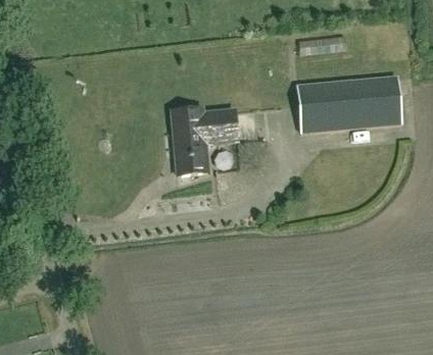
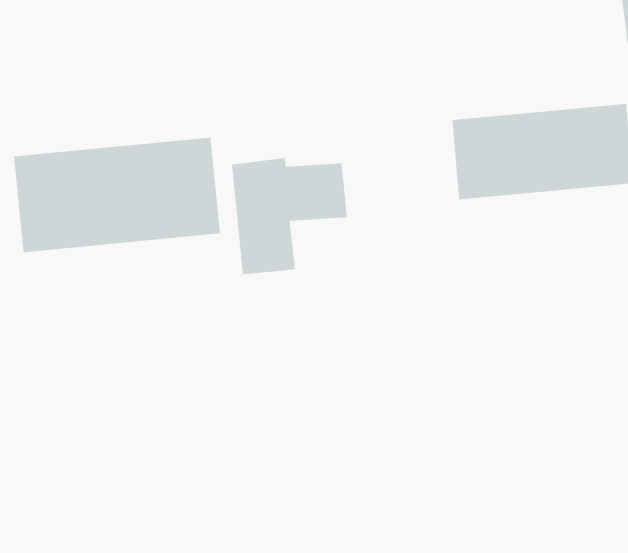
building: none -> [13,137,221,253]

